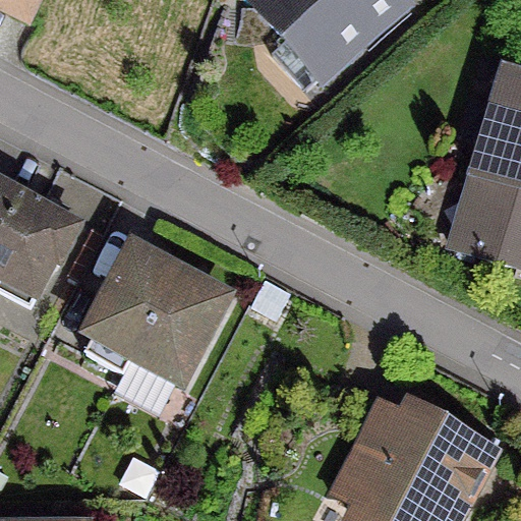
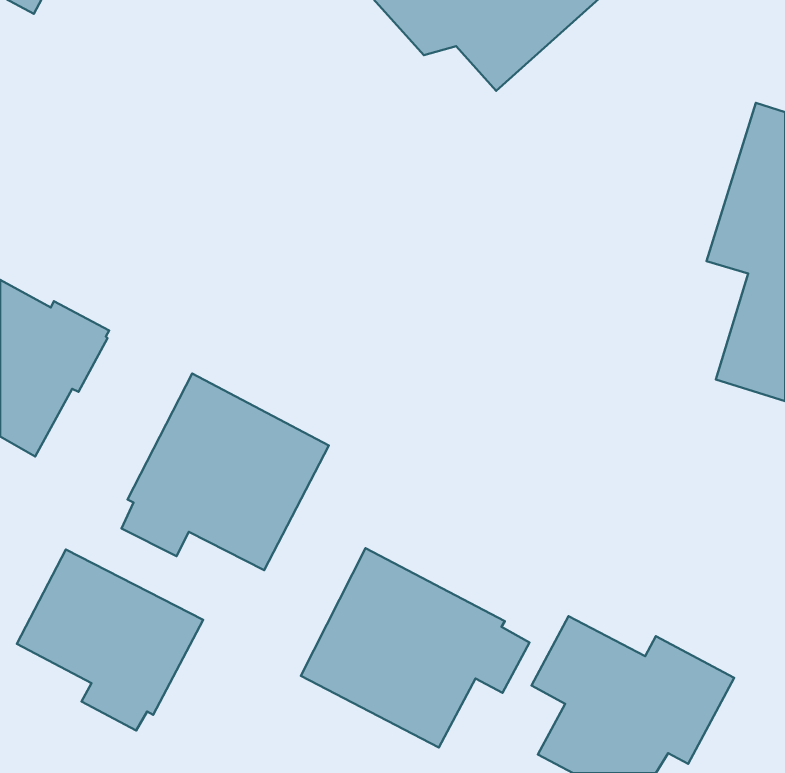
building: none -> [301,548,530,748]
building: none -> [17,550,203,730]

